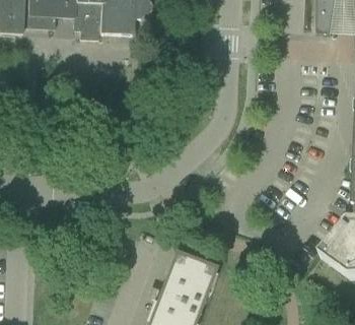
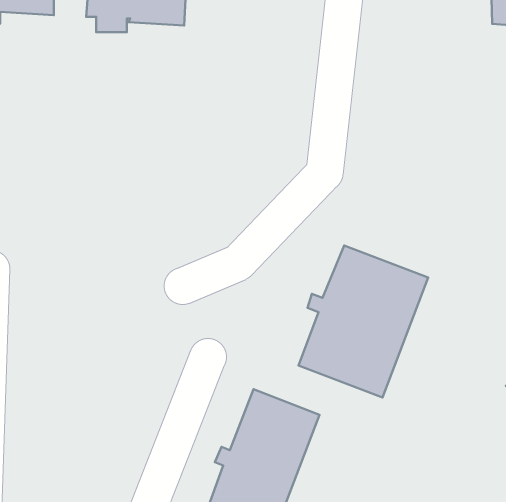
building: none -> [298,246,428,398]

